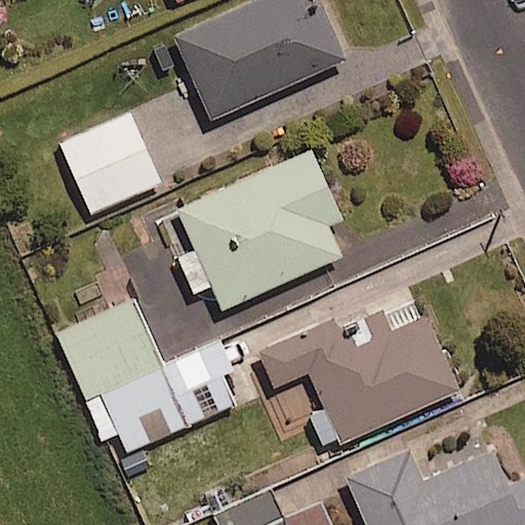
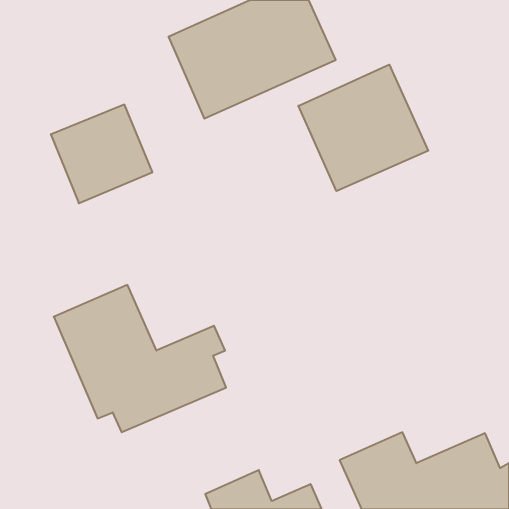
building: none -> [298,65,428,191]
building: [176,151,341,312] -> none
building: [258,312,459,446] -> none

